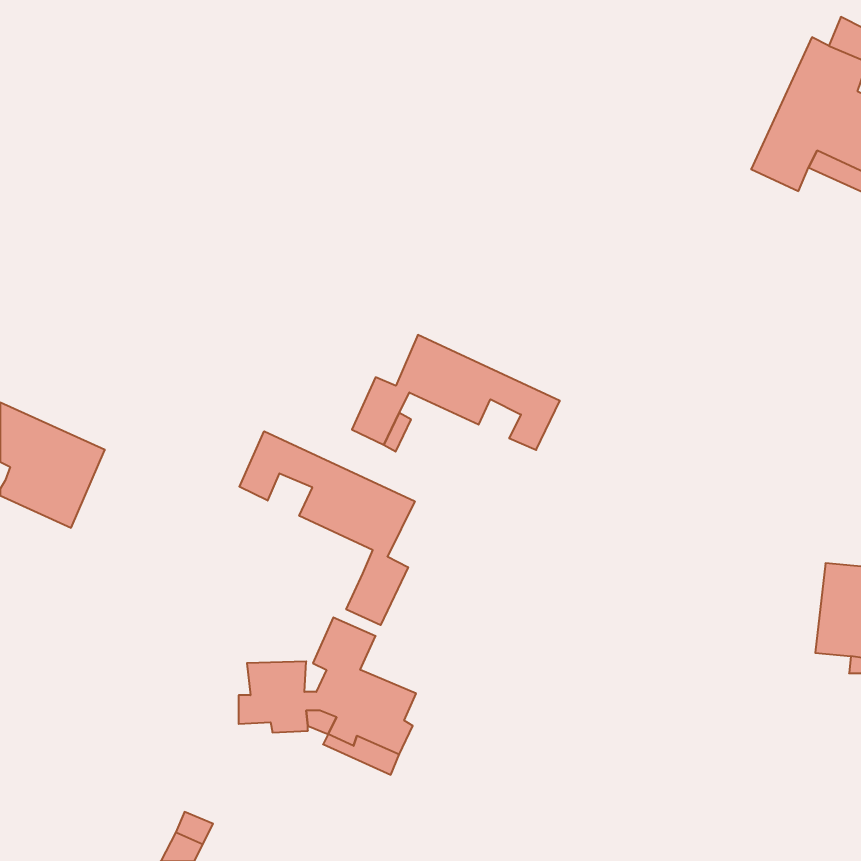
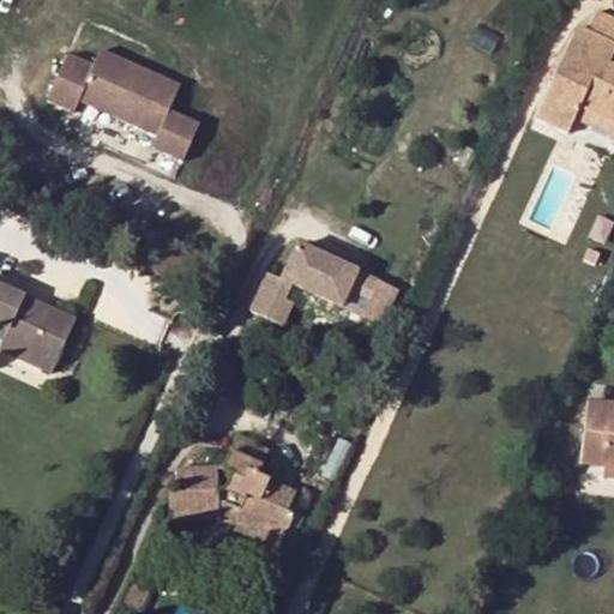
building: none -> [46,47,198,157]
building: [239,431,415,625] -> none

